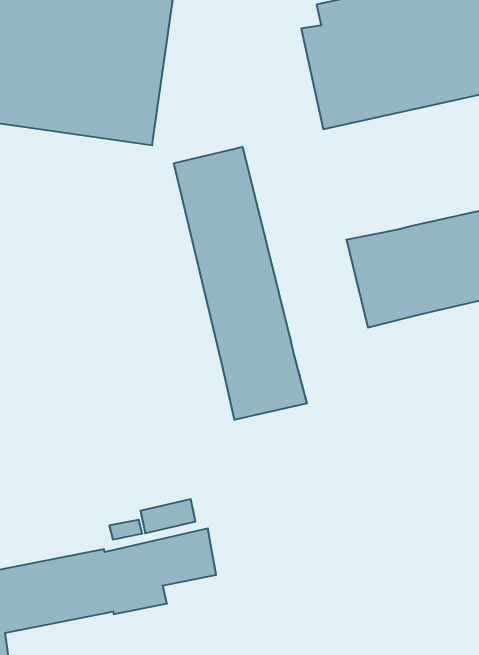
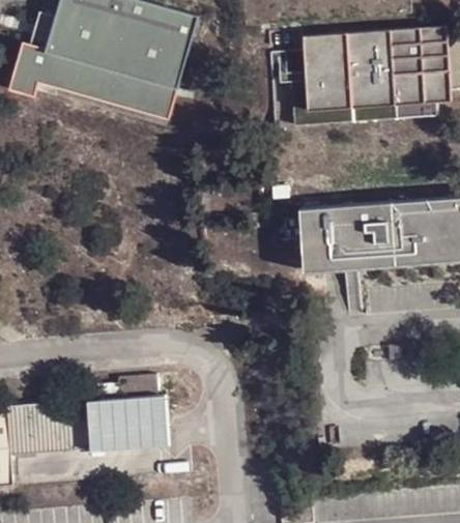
building: [174,147,307,420] -> none

